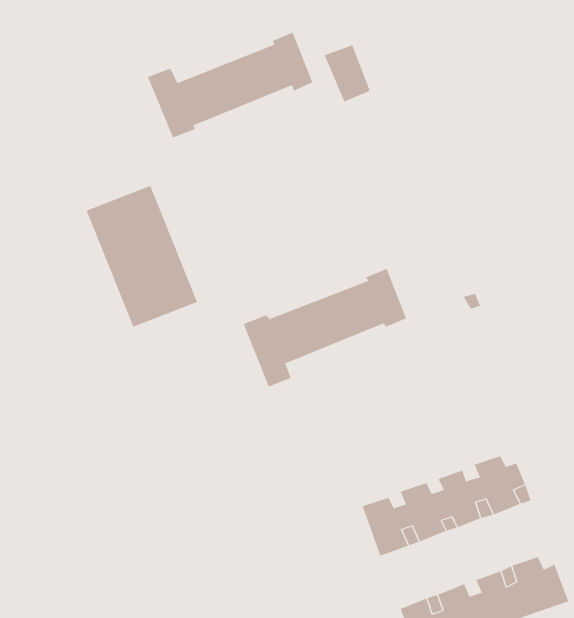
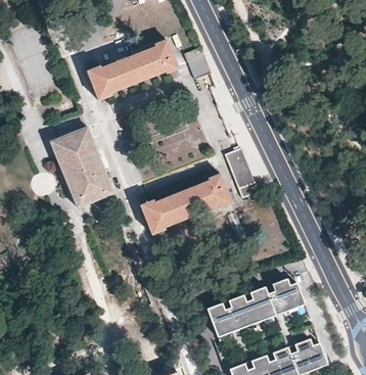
building: none -> [225,147,258,198]

